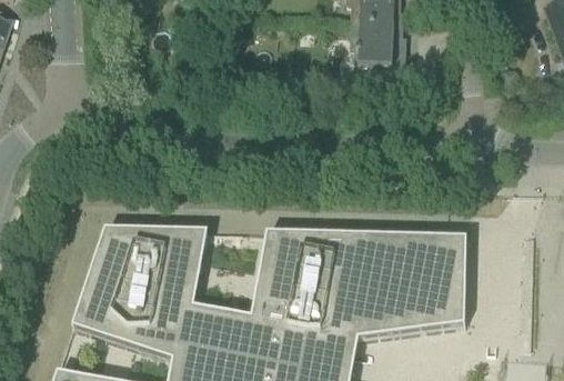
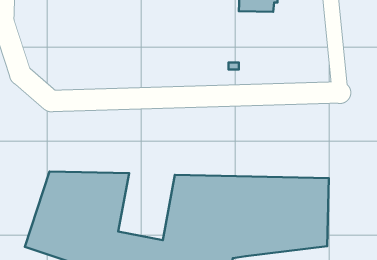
building: [350,21,405,76] -> none

